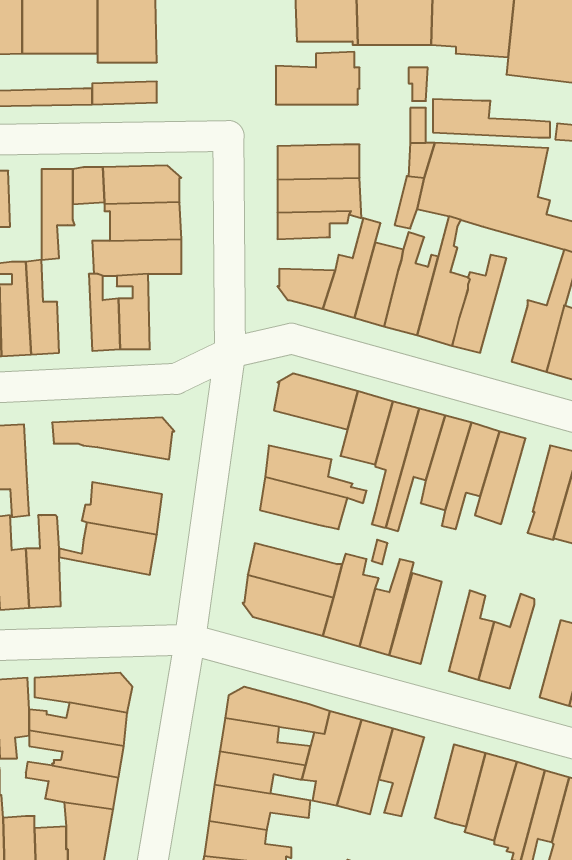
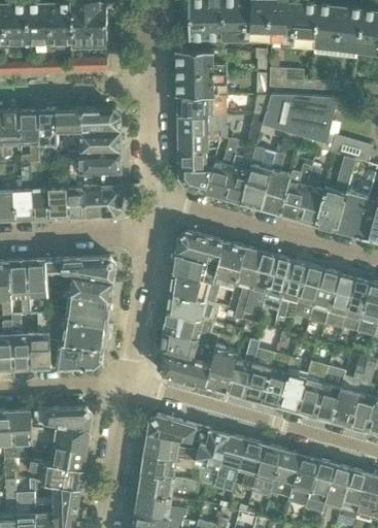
building: none -> [176,73,225,98]
building: none -> [19,111,38,166]
building: none -> [177,152,214,171]
building: none -> [297,164,324,225]
building: none -> [47,173,68,220]
building: none -> [101,173,121,218]
building: none -> [172,254,218,284]
building: none -> [28,261,46,299]
building: none -> [309,270,338,326]
building: none -> [64,275,113,303]
building: none -> [164,312,215,344]
building: none -> [48,340,102,369]
building: none -> [262,355,291,407]
building: none -> [314,368,345,423]
building: none -> [250,447,281,498]

